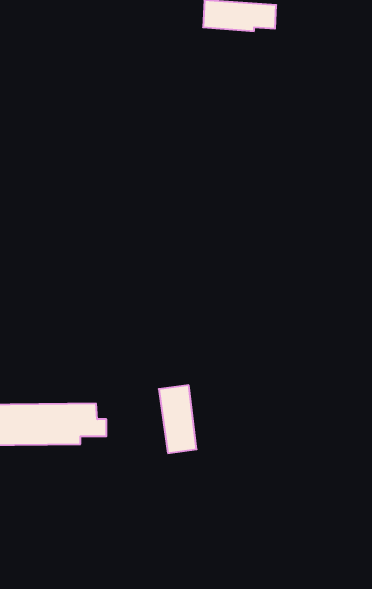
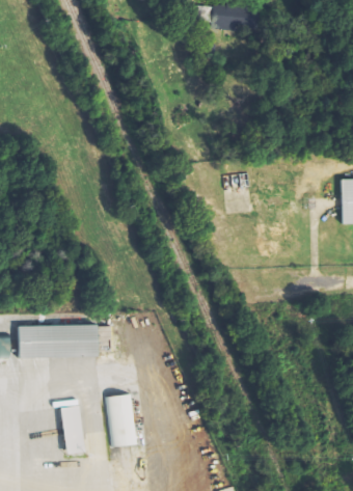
building: [159,385,197,453] -> [105,391,135,445]
building: none -> [60,404,82,453]

